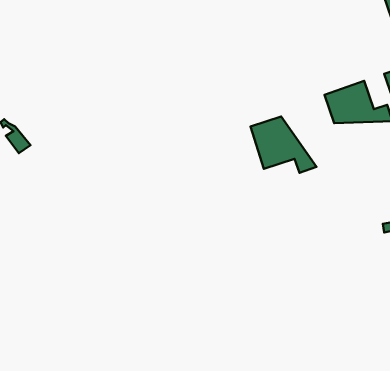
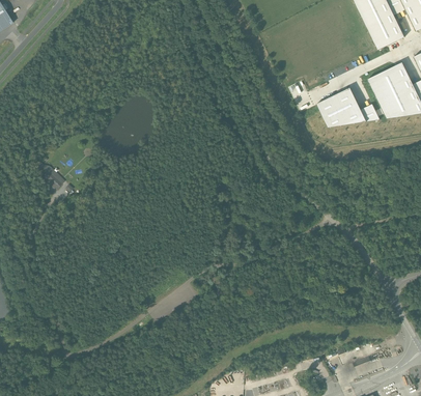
building: [251,116,316,173] -> none

